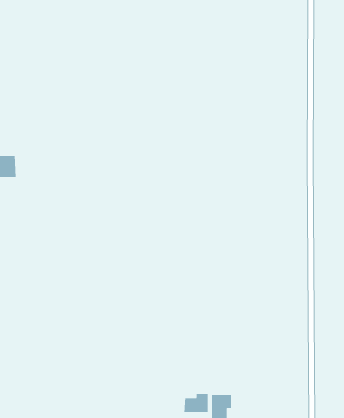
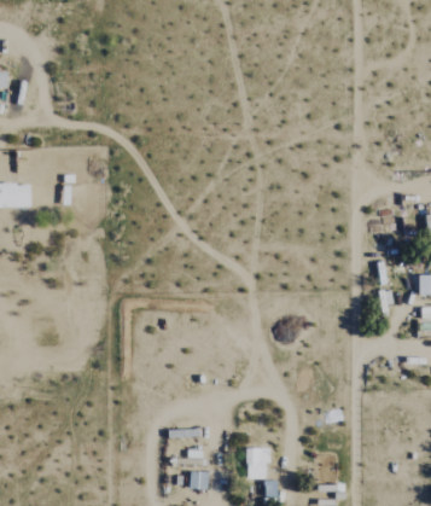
building: [184,393,208,413] -> none

